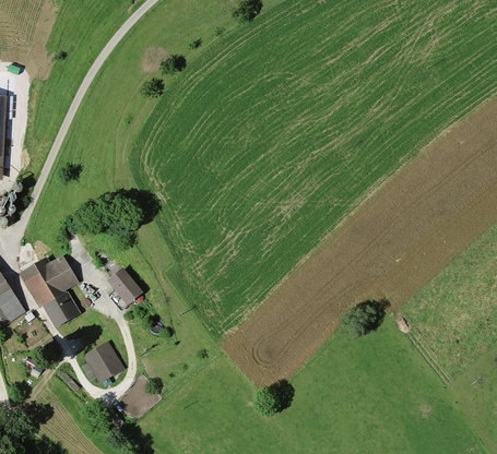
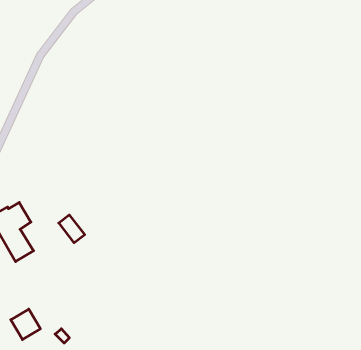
building: [85,340,121,378] -> [11,309,40,340]

